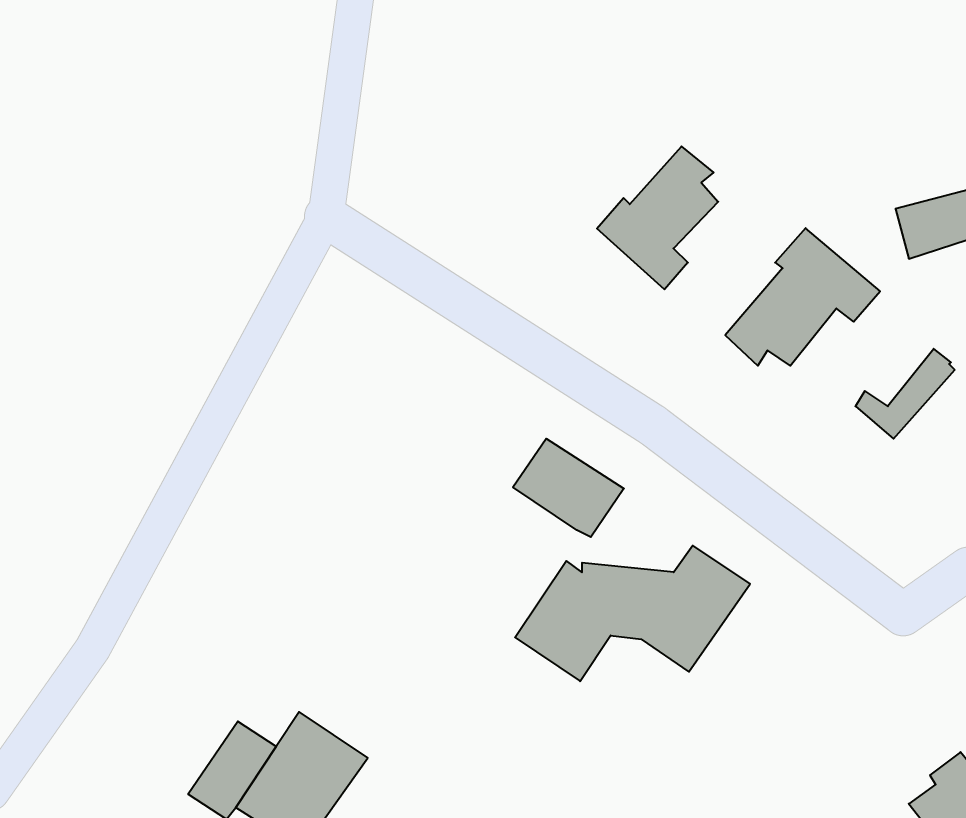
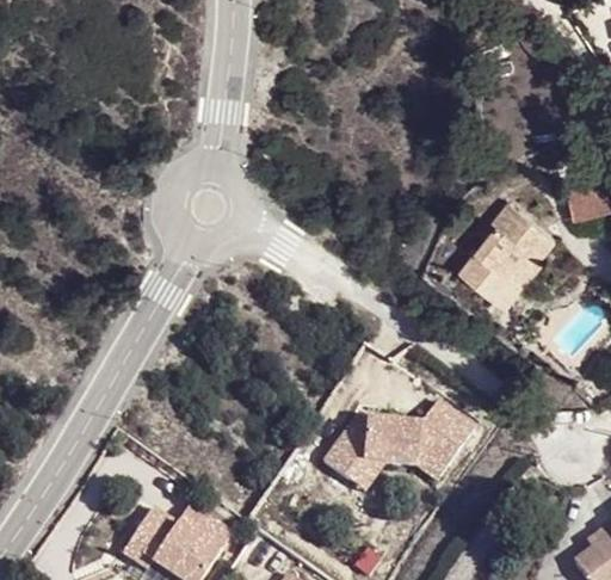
building: [597,146,718,289] -> none
building: [855,349,955,439] -> [477,254,539,310]
building: [513,439,624,537] -> none

